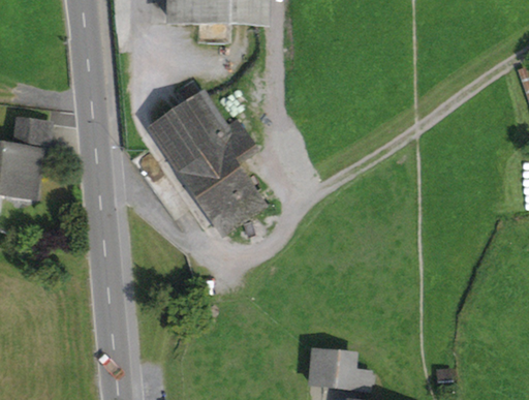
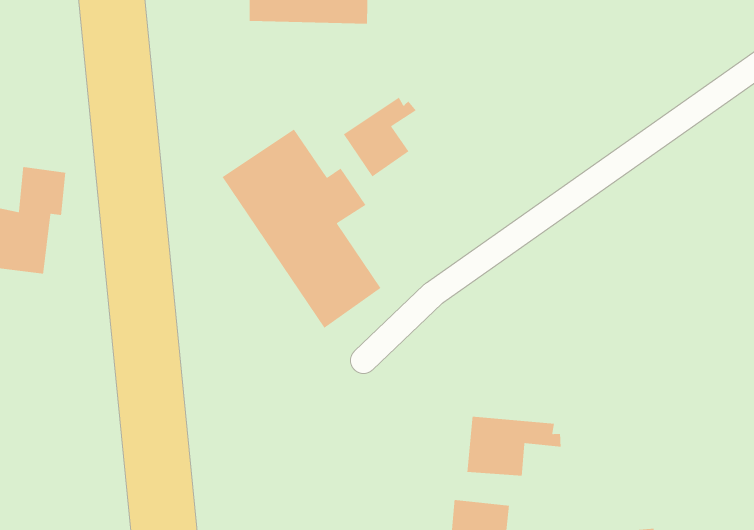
building: none -> [343,96,417,178]
building: none -> [467,416,561,477]

